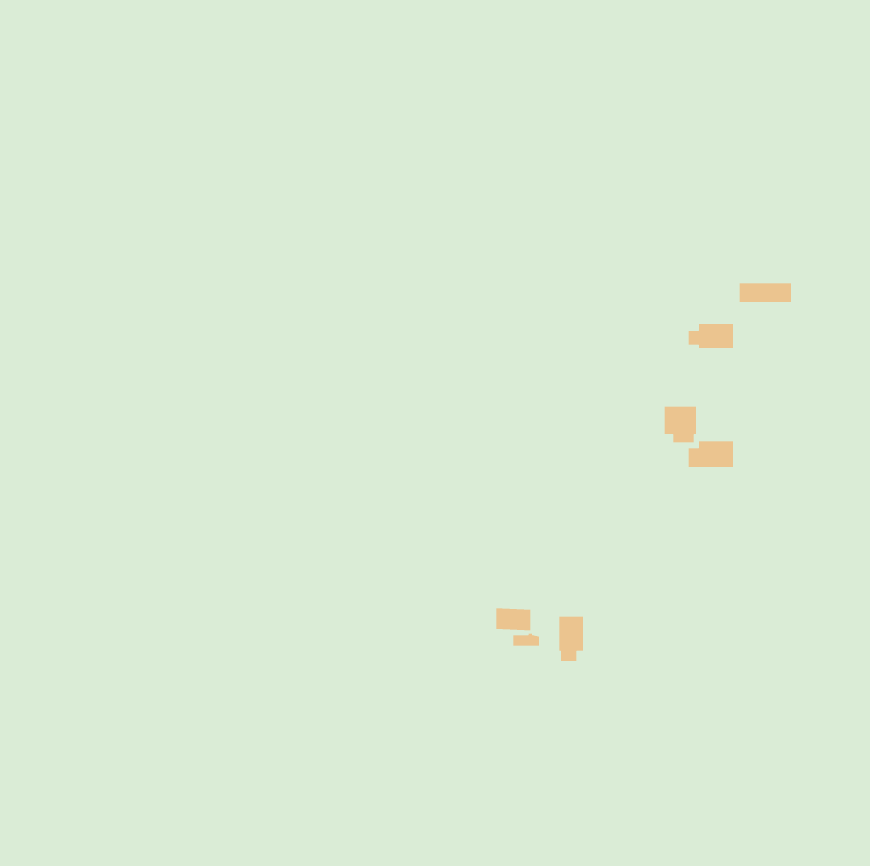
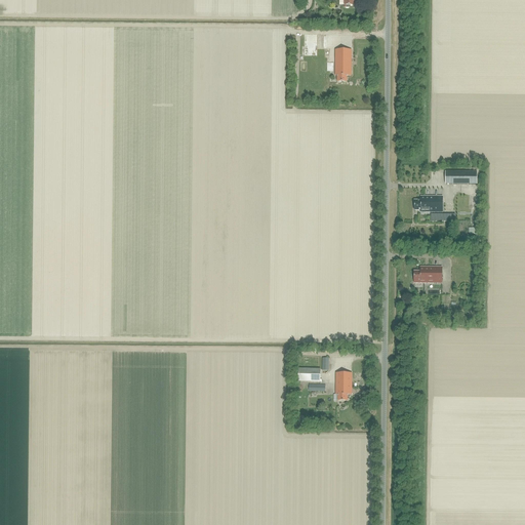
building: none -> [335,48,351,80]
building: [664,406,697,443] -> none

